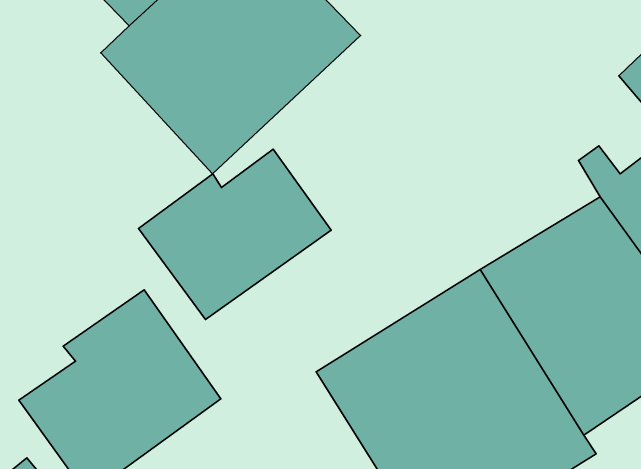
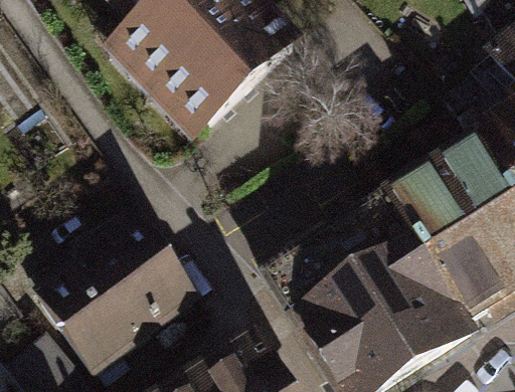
building: [139,149,331,320] -> none

